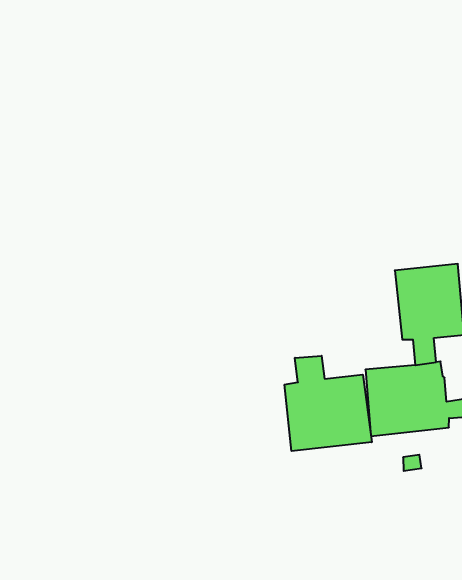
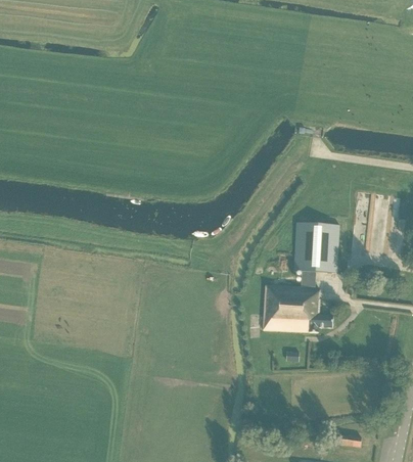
building: [285,356,372,451] -> none

